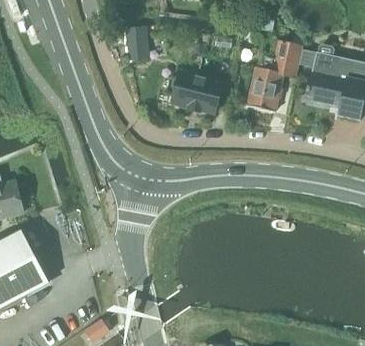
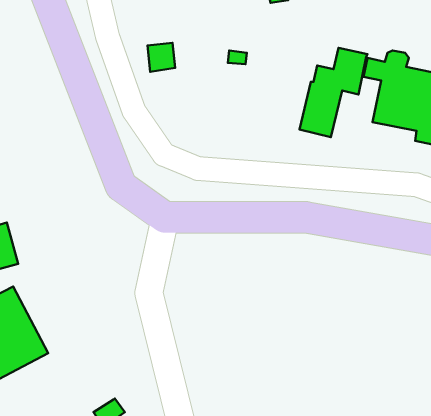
building: [170,70,223,115] -> none

